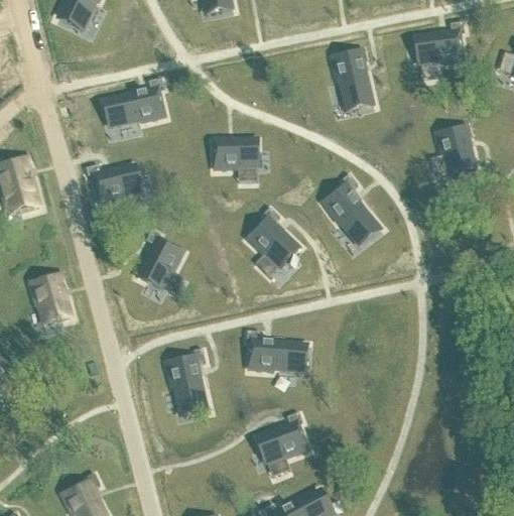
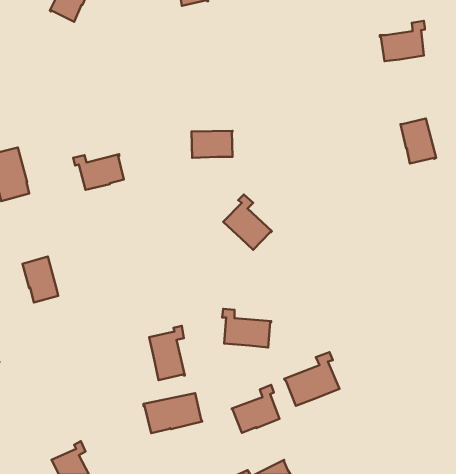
building: [334,51,372,104] -> none
building: [112,81,165,128] -> none
building: [324,176,376,239] -> none
building: [138,232,183,291] -> none
building: none -> [284,352,339,406]
building: none -> [144,393,202,433]

